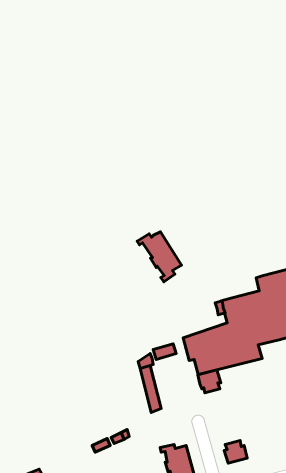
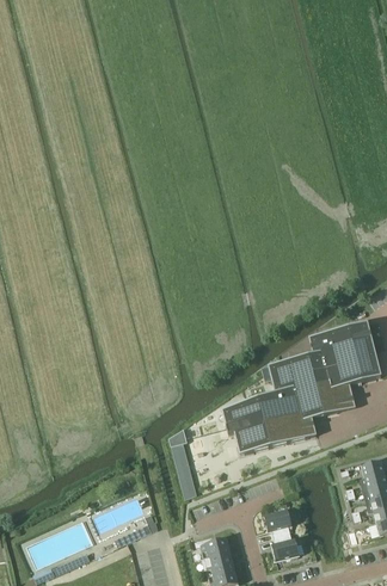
building: [137,232,181,282] -> none
building: [198,370,221,393] -> [264,508,291,536]

